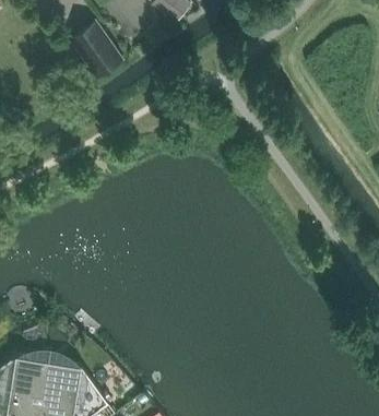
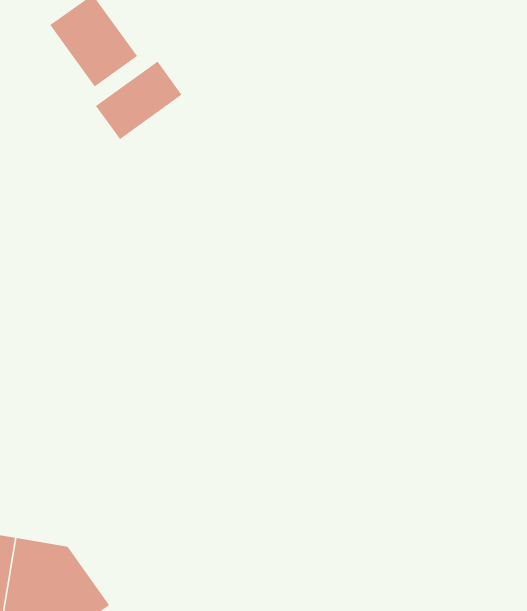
building: none -> [95,60,183,140]

